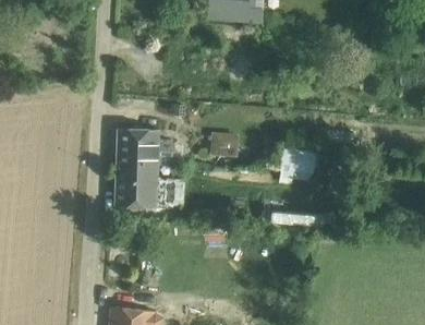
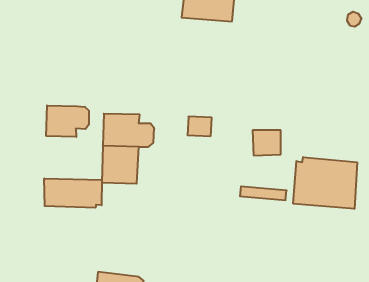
building: none -> [46,105,89,137]
building: none -> [293,157,357,209]
building: none -> [44,178,102,208]

